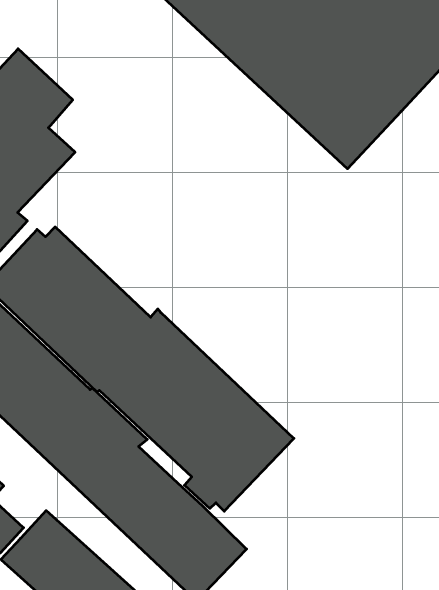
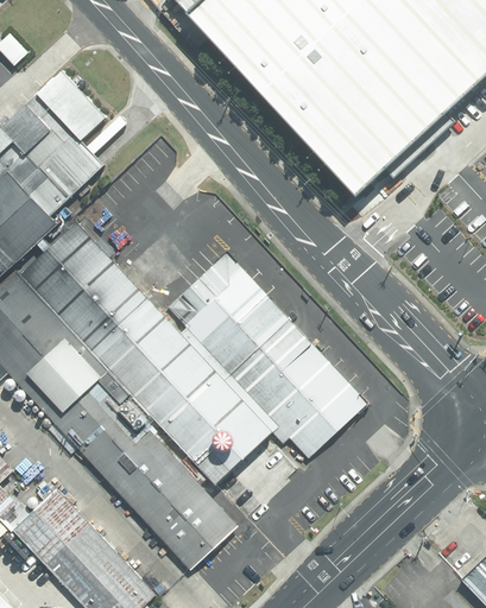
building: none -> [168,249,368,456]

